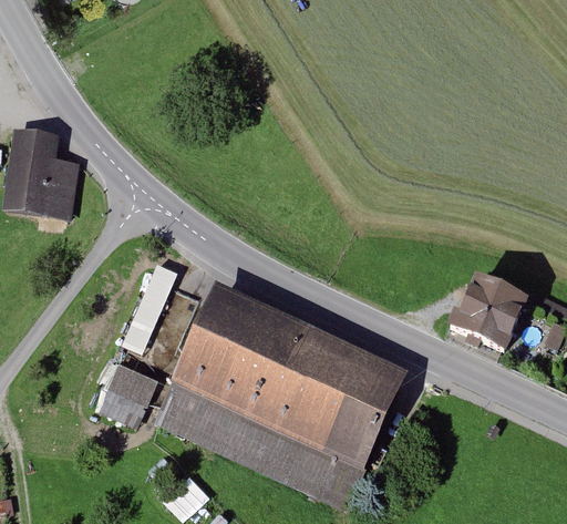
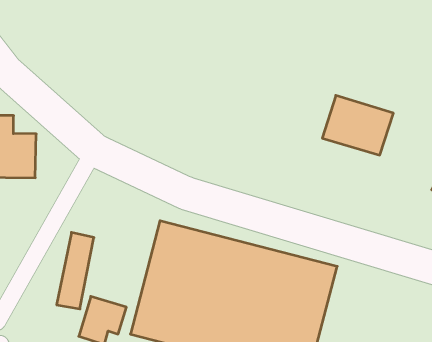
building: [124,257,179,348] -> [57,232,94,309]
building: [435,274,523,351] -> [322,95,393,155]

